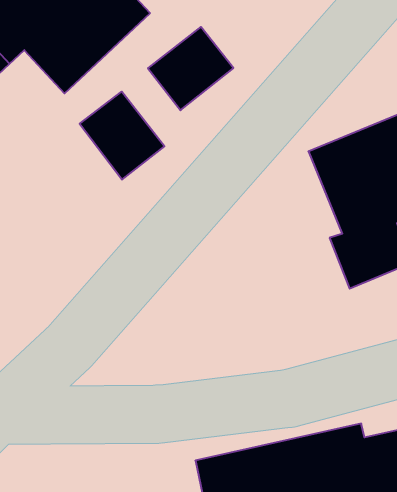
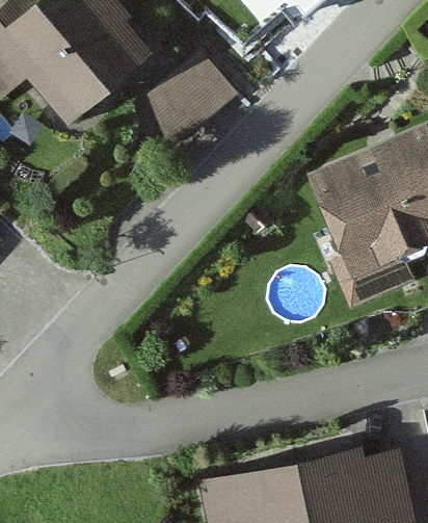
building: [80,92,164,180] -> none

